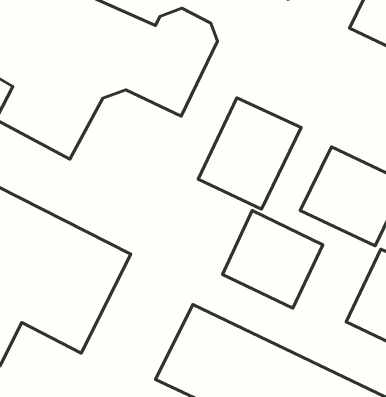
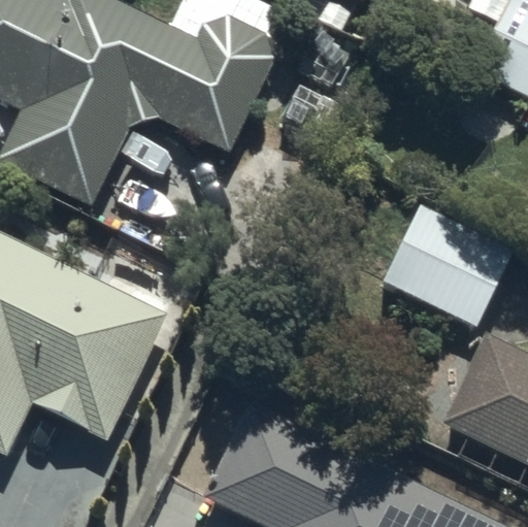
building: [198,98,301,209] -> none
building: [222,211,323,308] -> none

